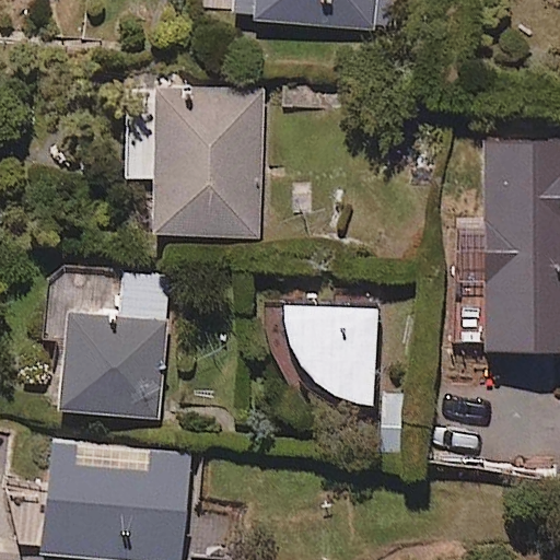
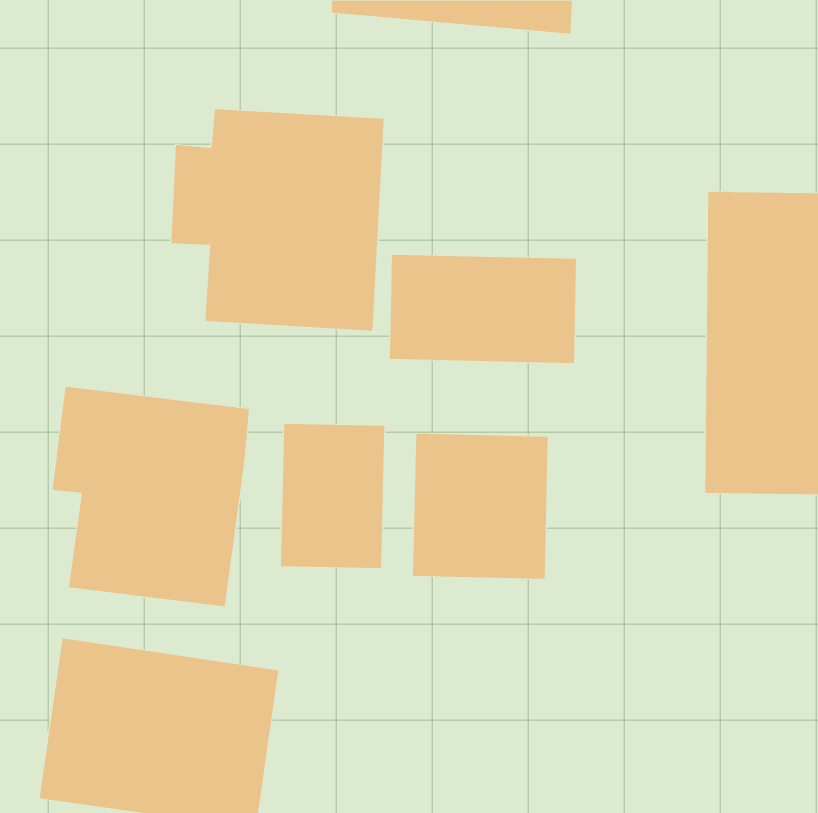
building: none -> [389,254,577,364]
building: none -> [281,423,385,569]

